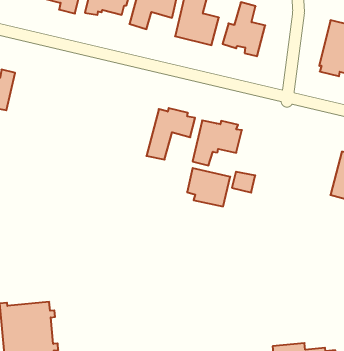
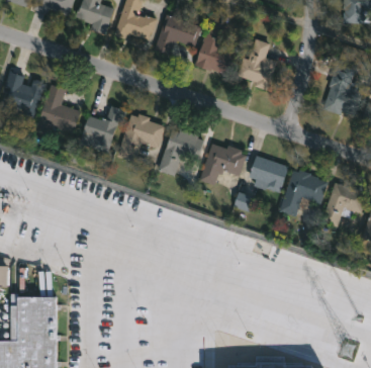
building: none -> [39,85,80,131]
building: none -> [81,105,126,146]
building: none -> [116,114,166,162]
building: none -> [280,168,328,215]
building: [187,168,230,206] -> [250,156,290,193]

